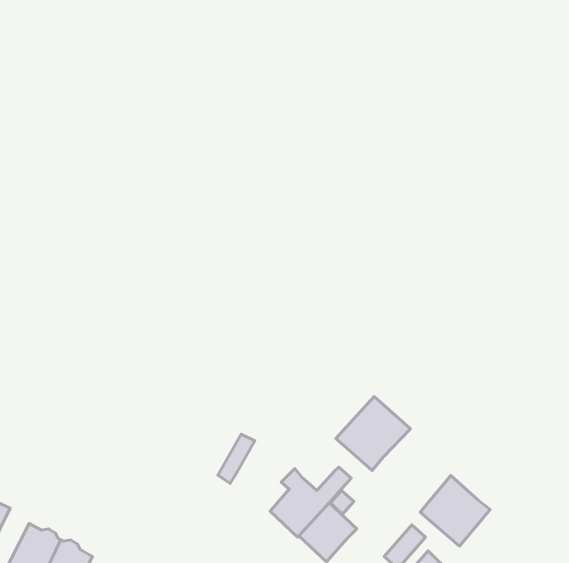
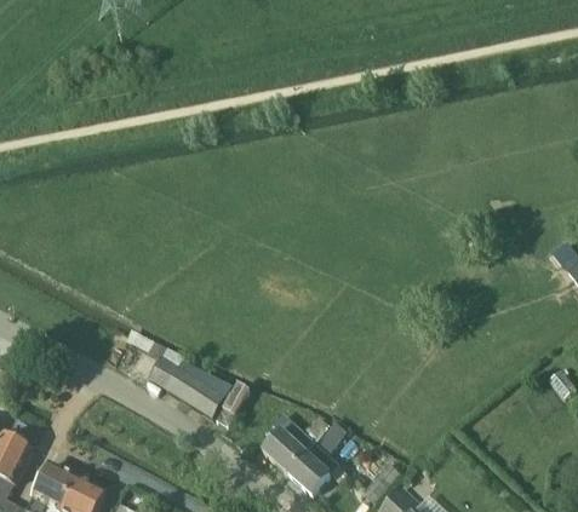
building: none -> [124,328,230,418]
building: [336,397,411,471] -> none
building: [420,475,490,546] -> none

